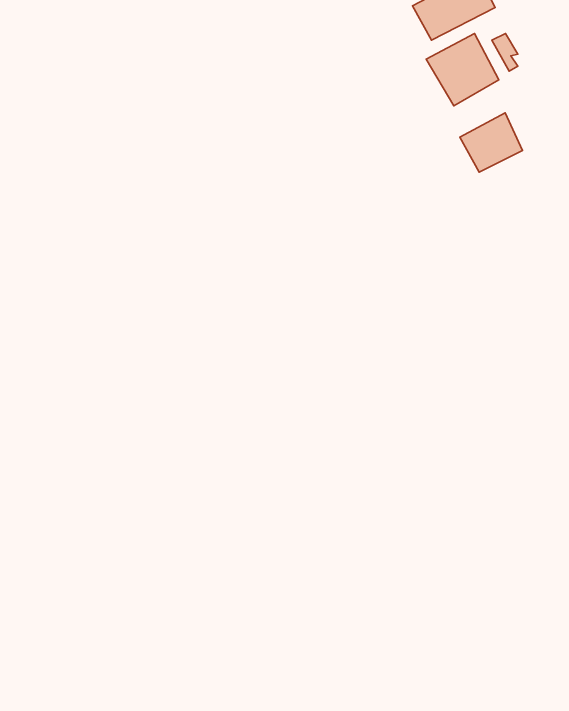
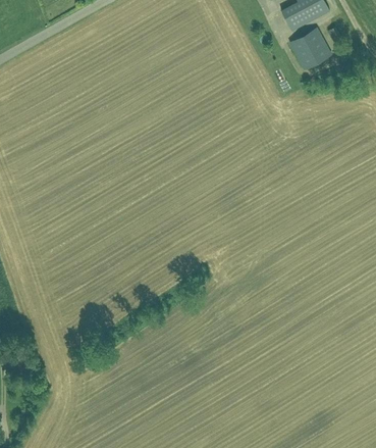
building: [460,113,523,172] -> none

